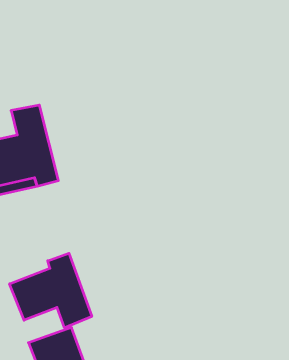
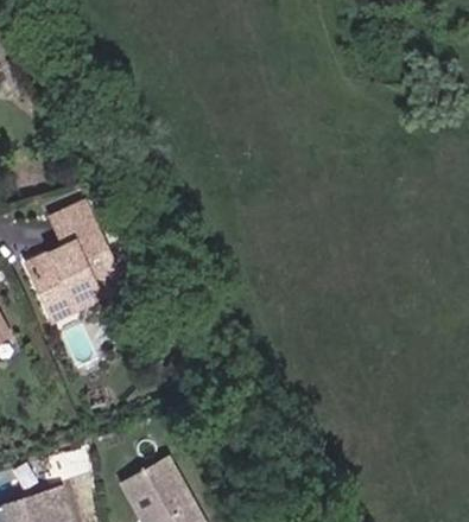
building: [10,253,92,328] -> none

